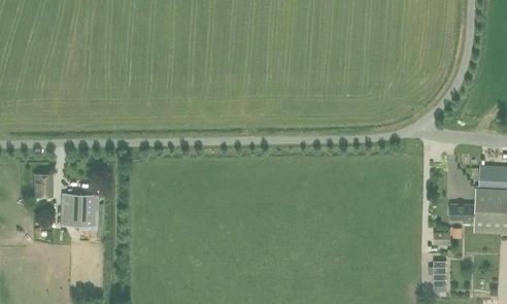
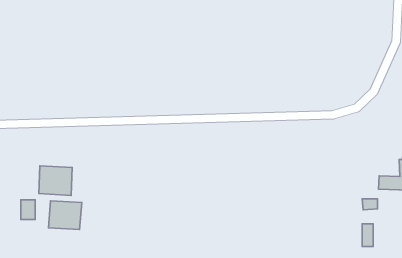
building: [34,173,50,196] -> [21,200,35,219]
building: none -> [48,201,82,229]

